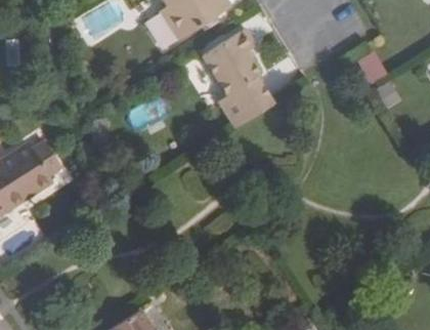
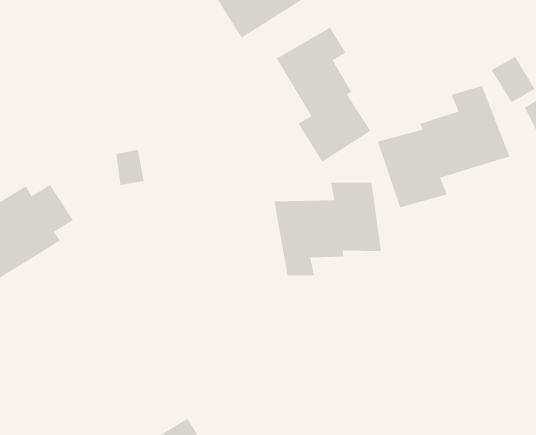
building: none -> [377,85,510,208]
building: none -> [274,182,381,276]

